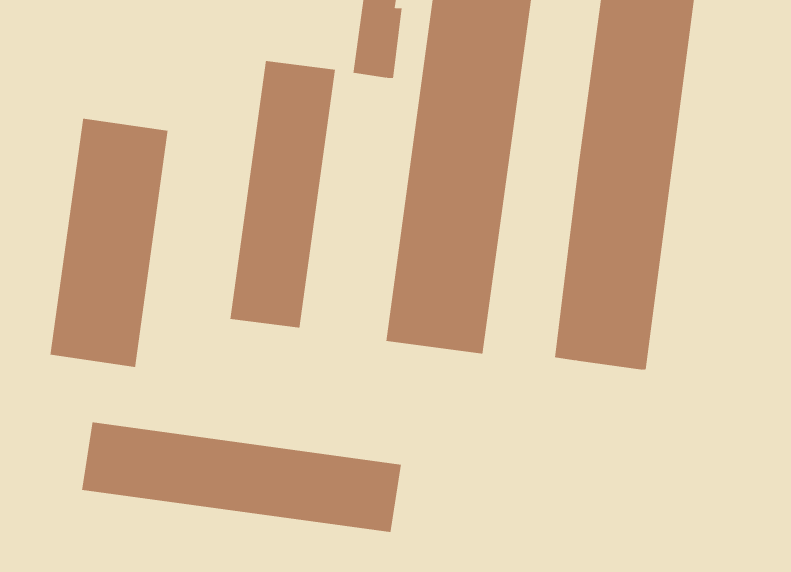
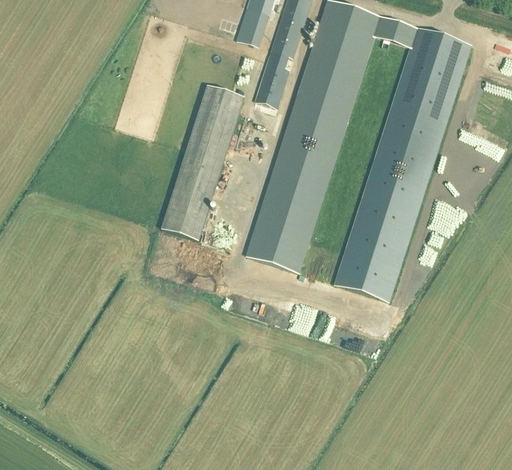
building: [50,118,168,368] -> none
building: [82,422,401,533] -> none

